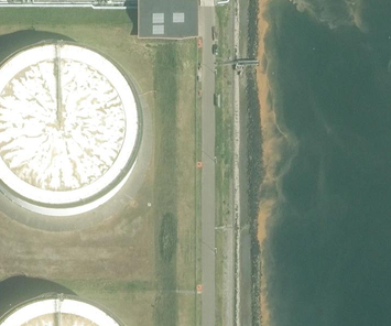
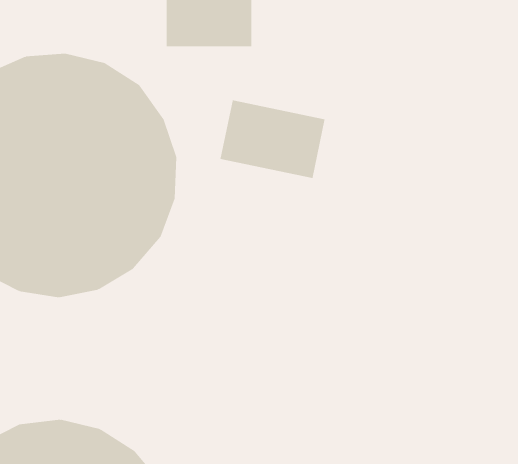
building: none -> [220,100,325,179]

